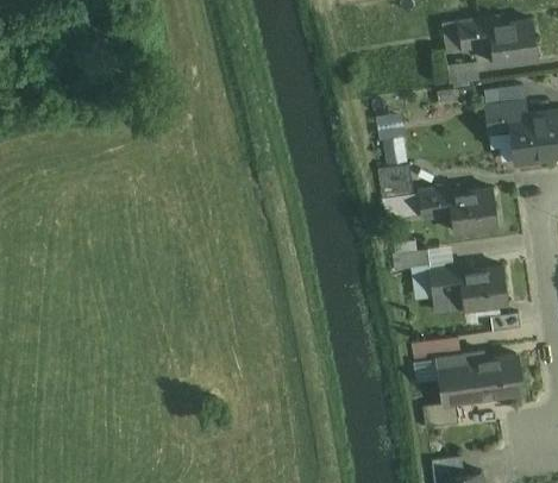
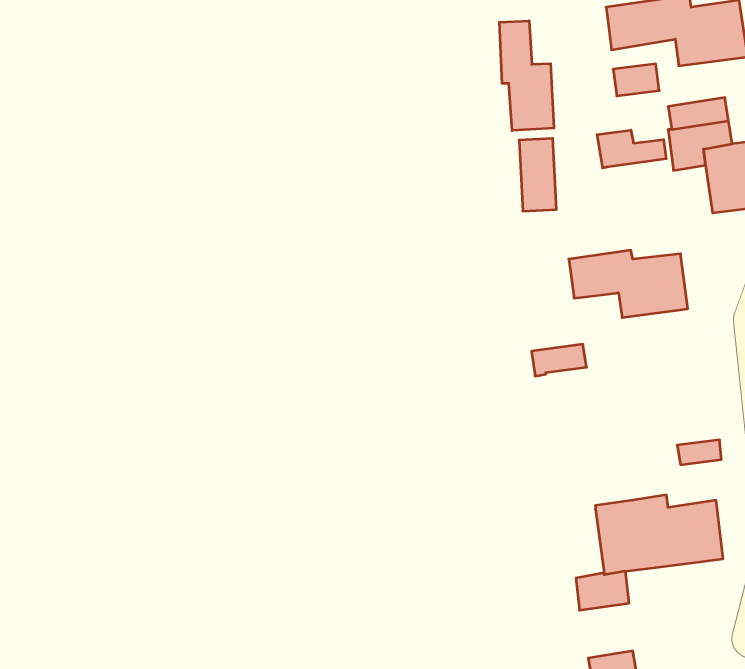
building: none -> [499,21,554,131]
building: none -> [597,130,666,168]
building: [377,165,413,200] -> none
building: [428,265,508,315] -> none
building: [412,338,460,364] -> none

